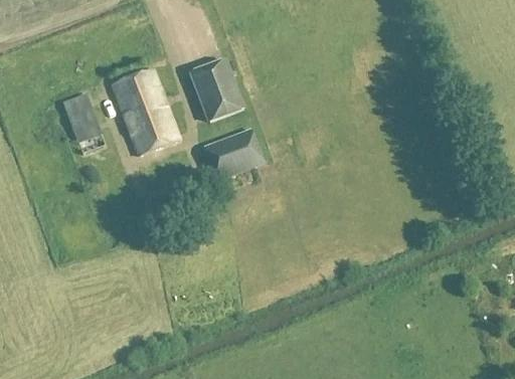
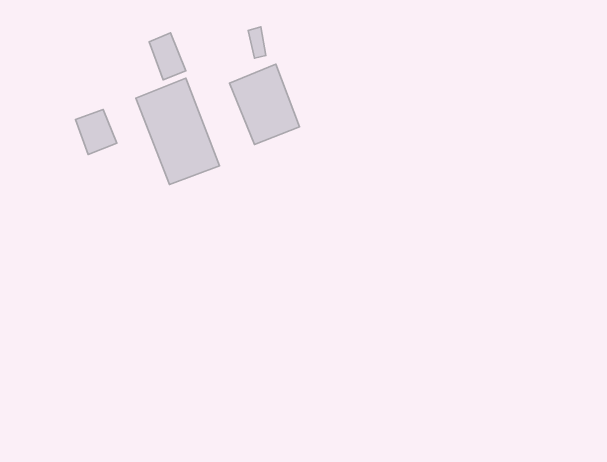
building: none -> [149,33,186,80]
building: [204,129,263,179] -> none

